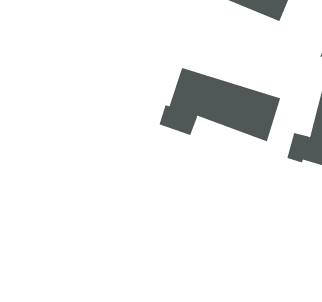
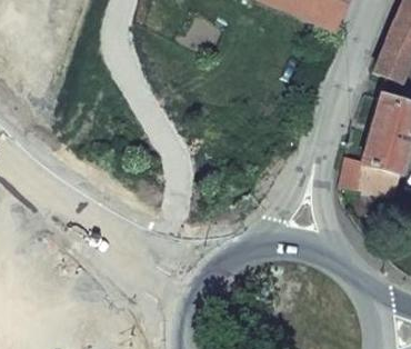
building: [159,67,281,142] -> none

